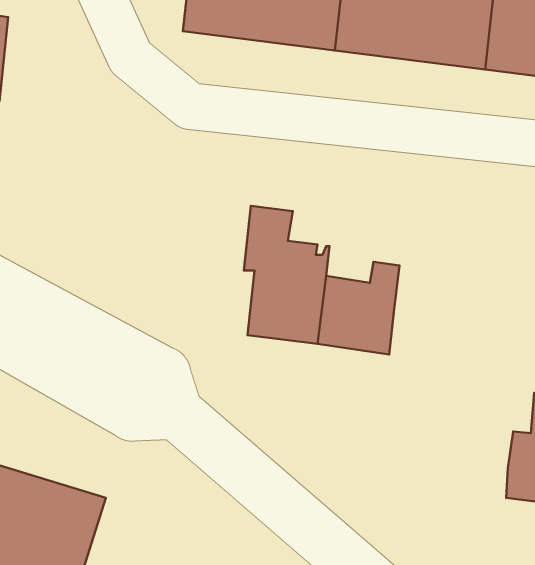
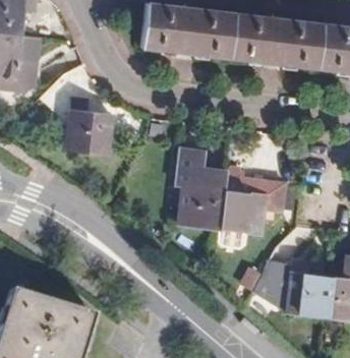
building: none -> [59,97,105,154]
building: none -> [223,166,284,211]
building: none -> [252,259,332,317]

